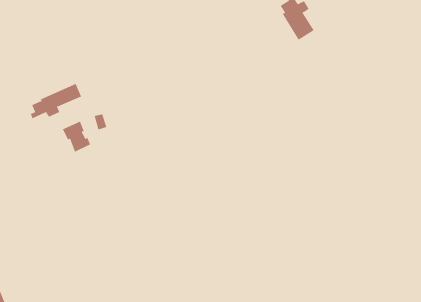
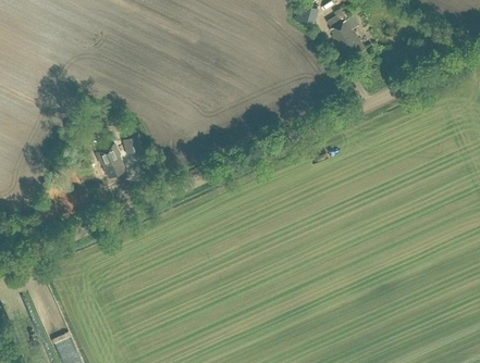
building: [30,83,82,119] -> none

